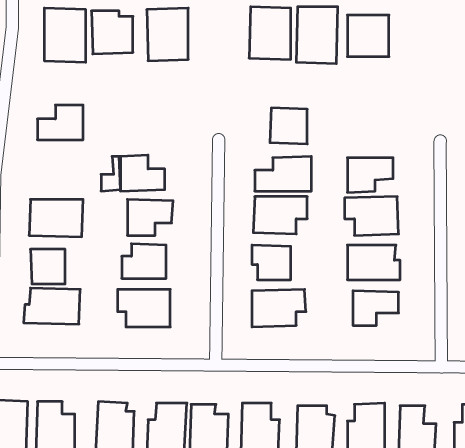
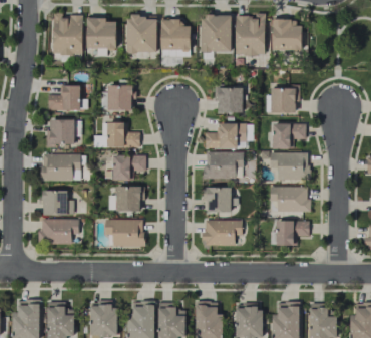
building: none -> [160,18,191,57]
building: none -> [107,84,132,110]
building: none -> [271,86,297,113]
building: none -> [47,119,75,147]

